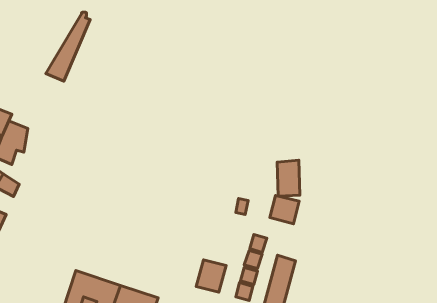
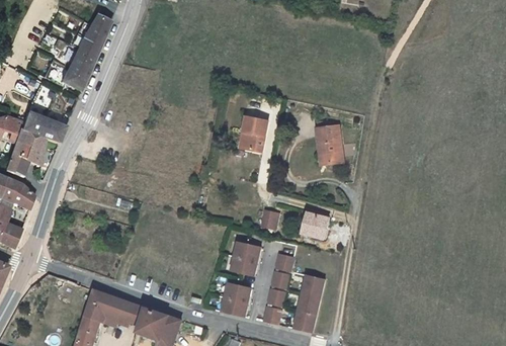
building: none -> [19,114,61,145]
building: none -> [241,116,270,153]
building: [277,160,300,196] -> [318,124,342,163]
building: none -> [231,238,263,273]

